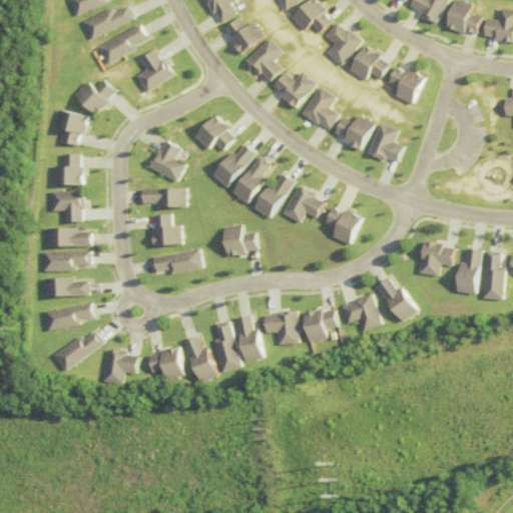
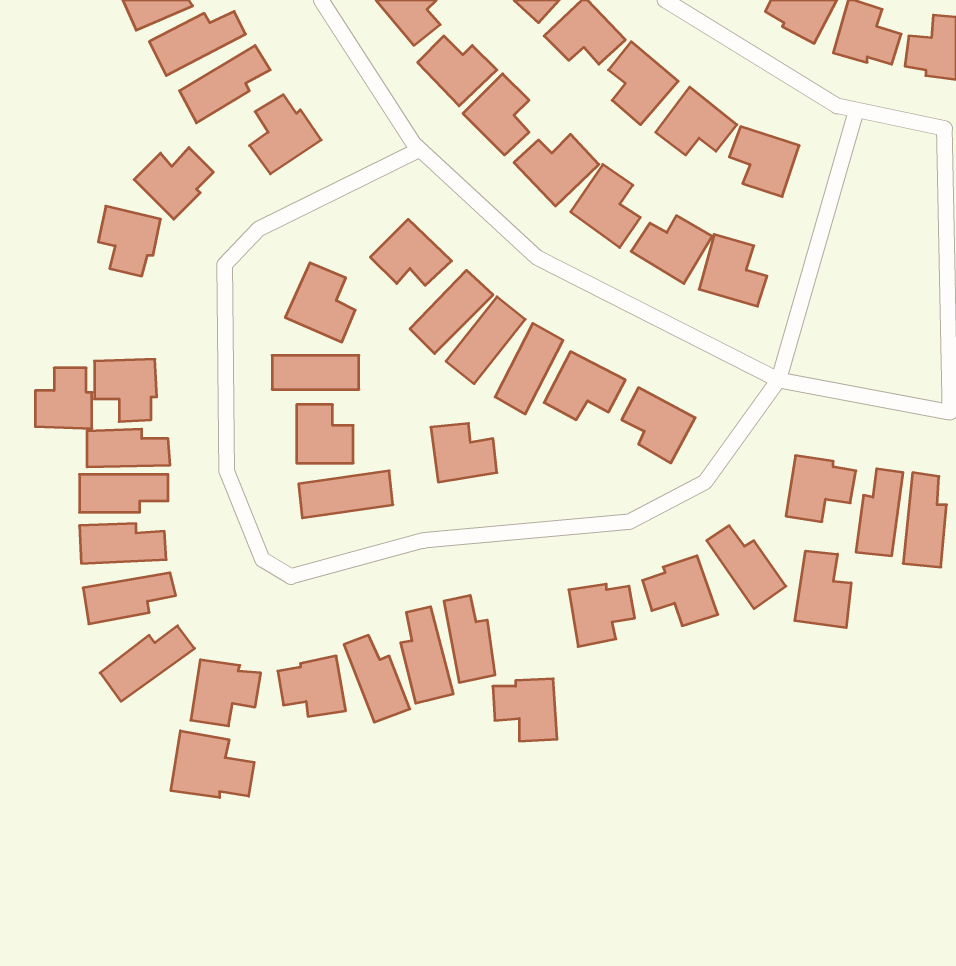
building: [51,154,81,186] -> [35,368,92,428]
building: none -> [795,551,851,628]
building: [264,312,298,345] -> [493,679,557,741]
building: none -> [171,731,254,798]

